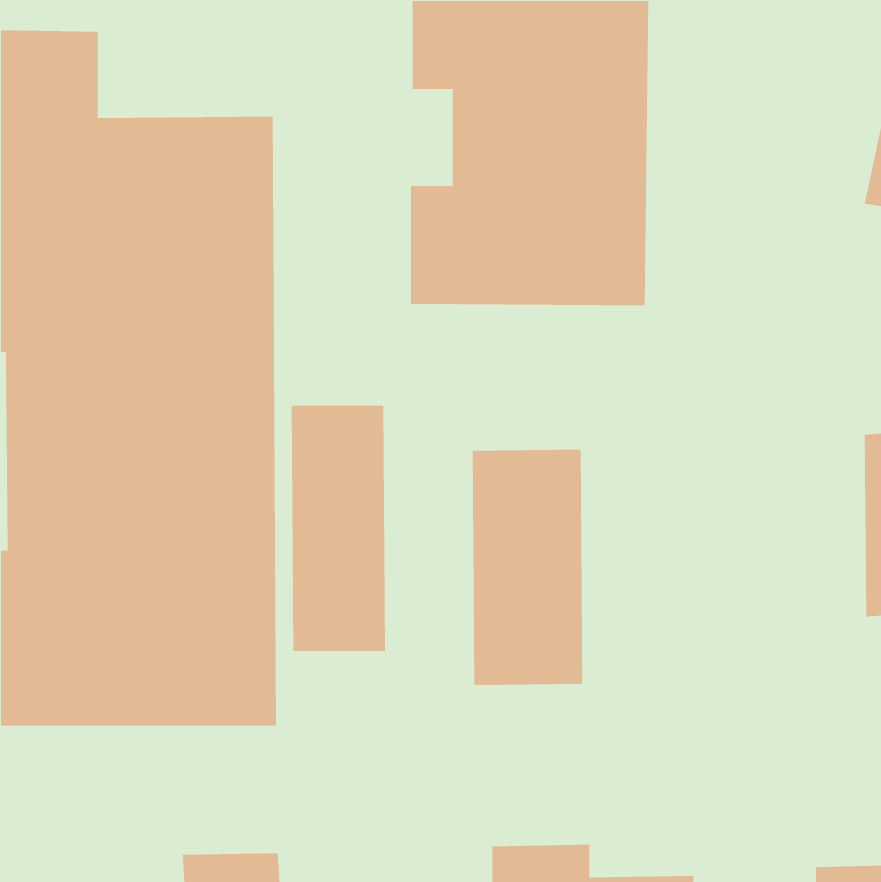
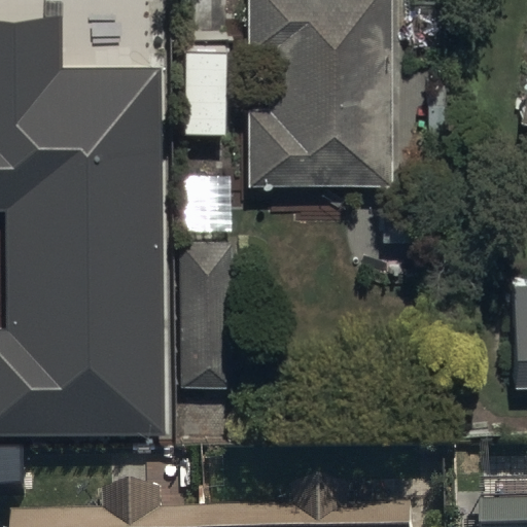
building: [472,449,583,686] -> none

